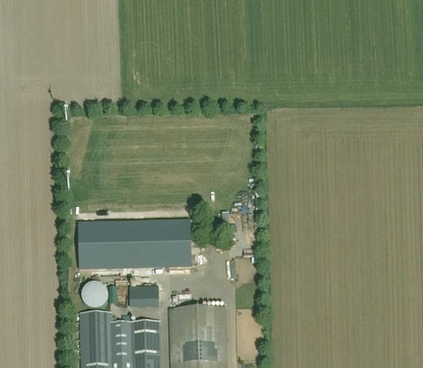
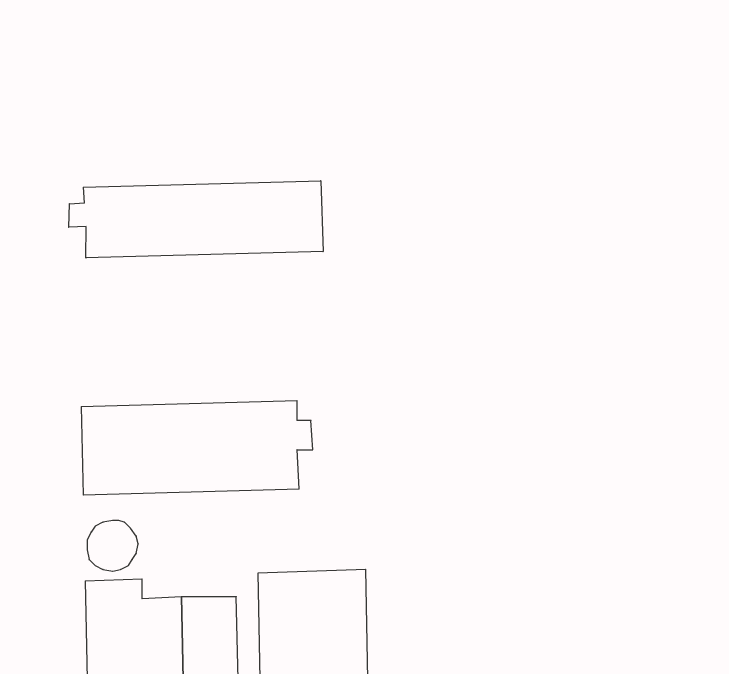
building: none -> [69,181,323,258]
building: [128,285,157,308] -> none

